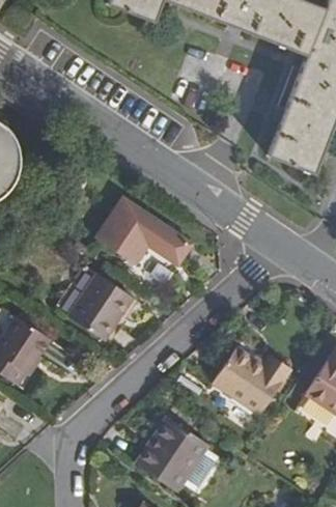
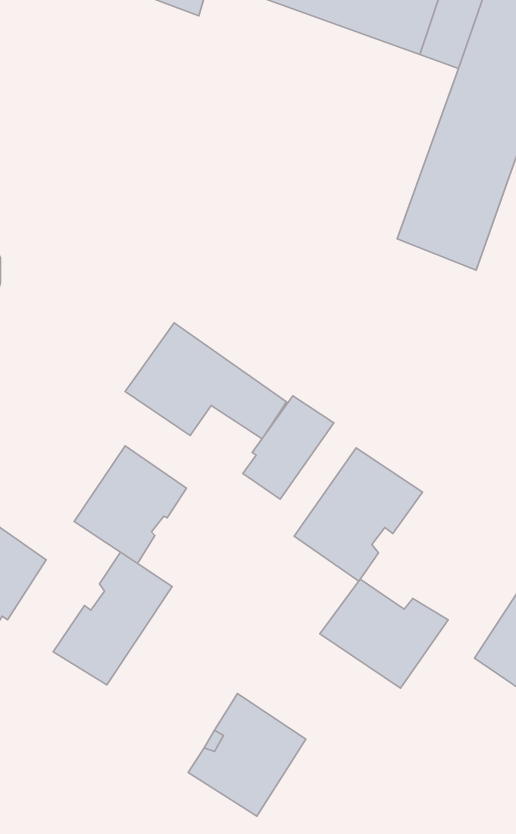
building: none -> [243,396,334,499]
building: none -> [294,448,423,581]
building: none -> [53,552,172,685]

